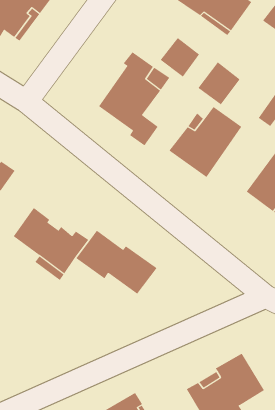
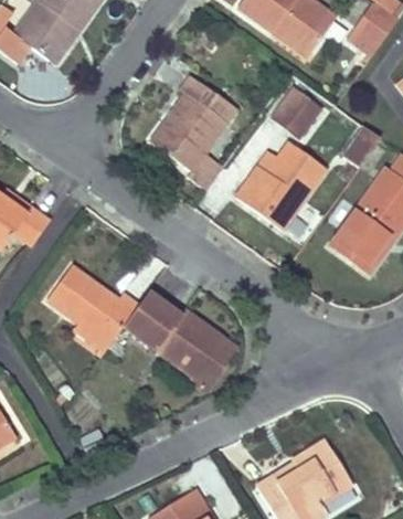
building: [160,37,200,78] -> none
building: none -> [158,338,235,388]

